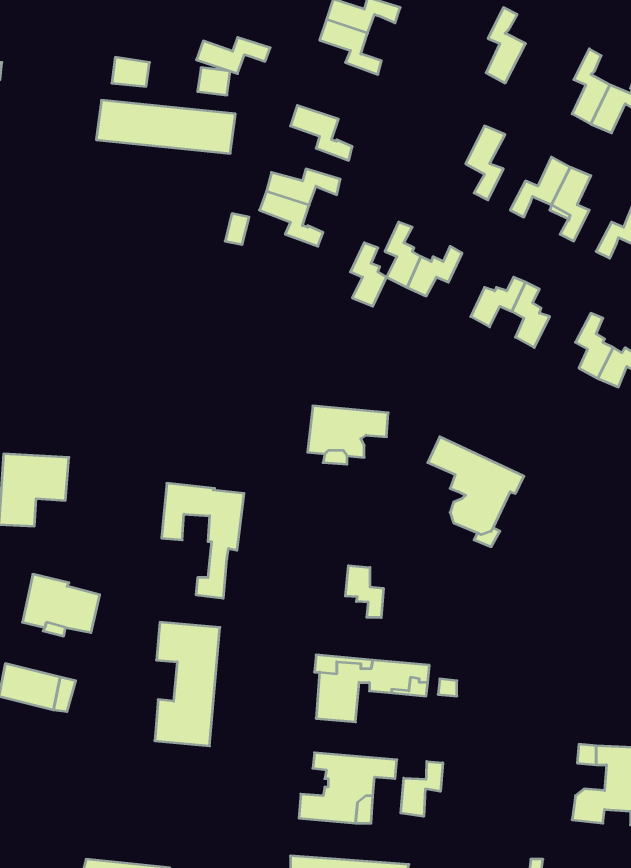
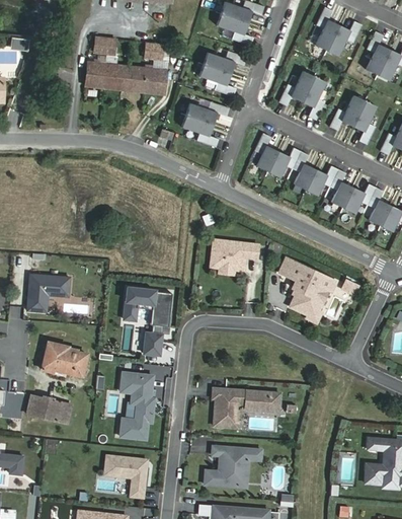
building: none -> [326,20,361,56]
building: [196,37,270,74] -> [204,51,247,72]
building: none -> [278,70,314,105]
building: [350,243,387,306] -> [293,151,314,189]
building: none -> [343,182,377,212]
building: [345,566,383,618] -> none
building: [401,761,443,816] -> none
building: none -> [106,453,152,502]

